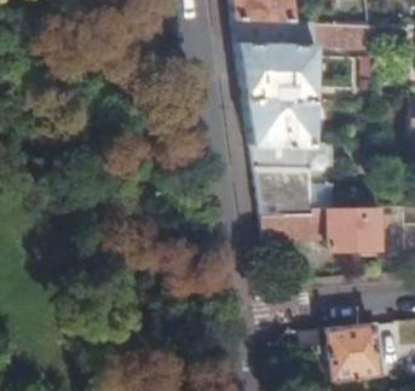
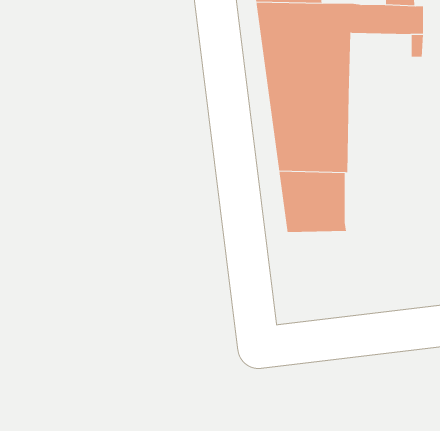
building: [261,208,380,251] -> none
building: [301,324,380,379] -> none

